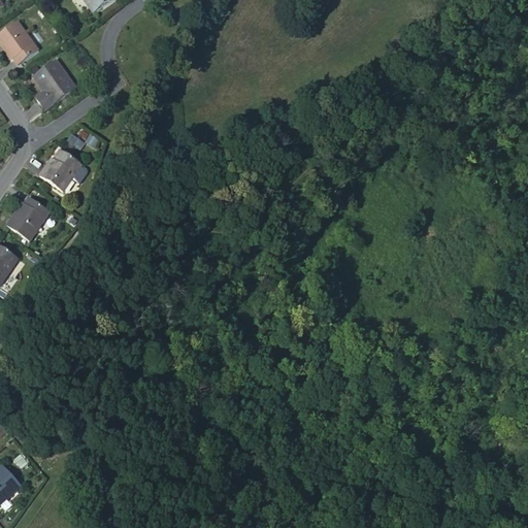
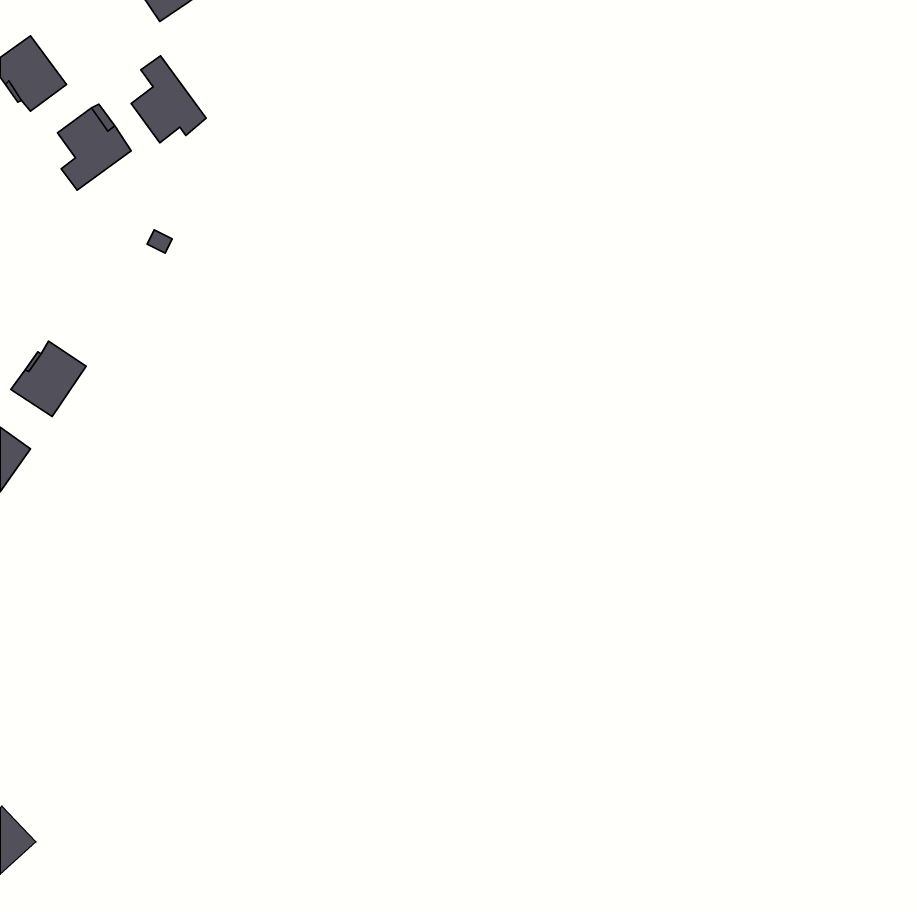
building: none -> [131,56,206,143]
building: [40,150,81,190] -> none

